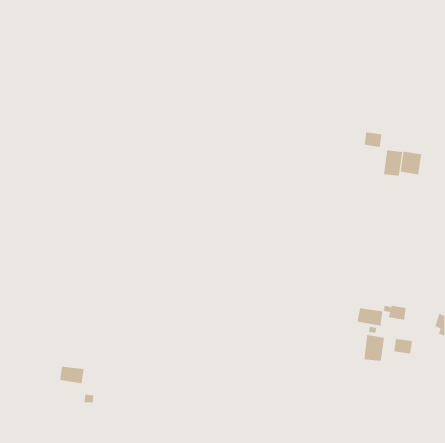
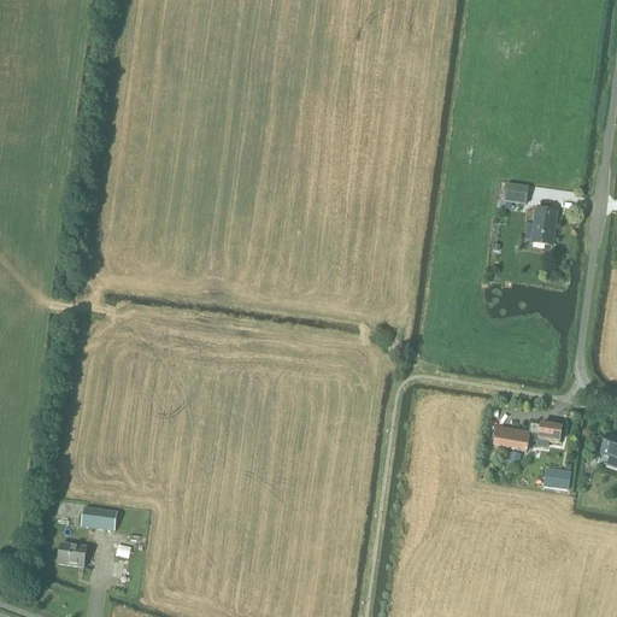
building: [400,151,422,175] -> none
building: [364,334,385,362] -> none
building: none -> [58,541,86,566]

